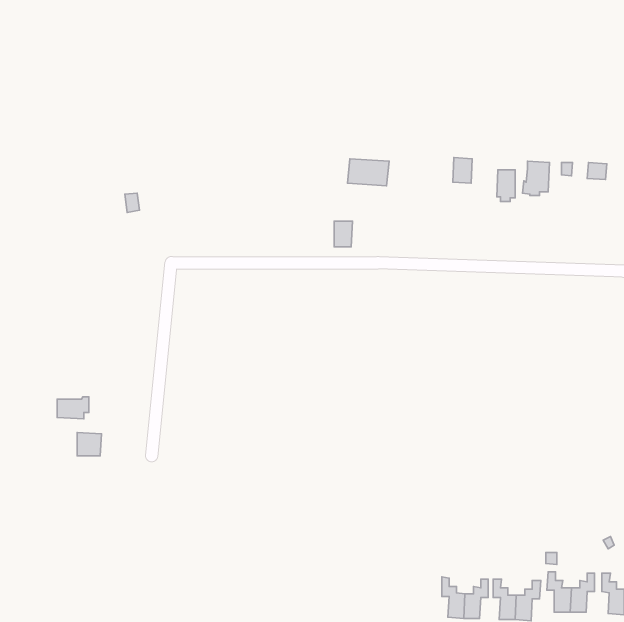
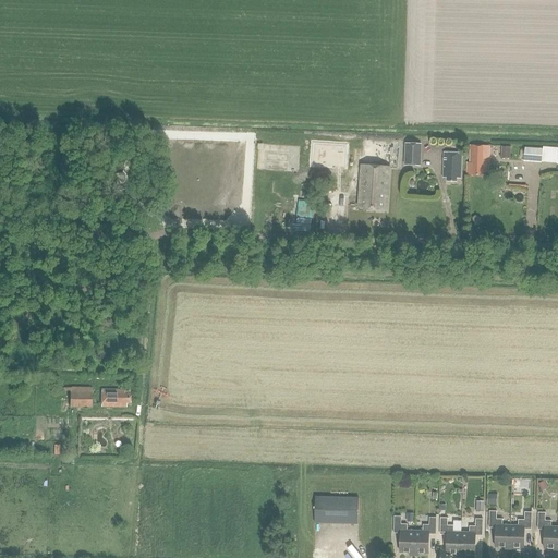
building: none -> [356,163,388,210]
building: [57,397,89,419] -> [100,387,129,407]
building: none -> [314,496,357,523]

